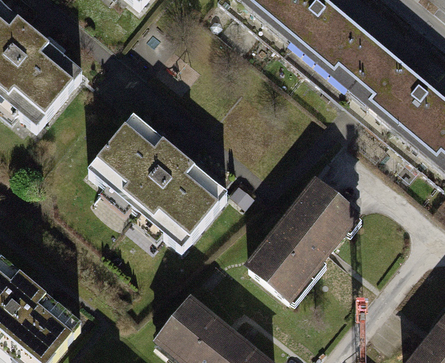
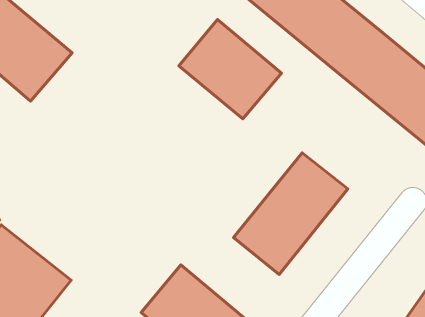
building: none -> [179,19,282,119]
building: [87,114,230,250] -> none

